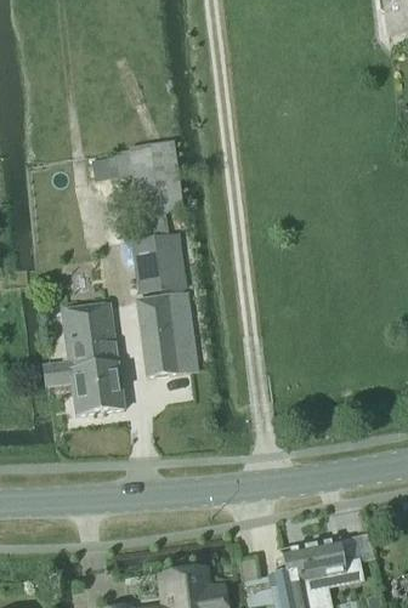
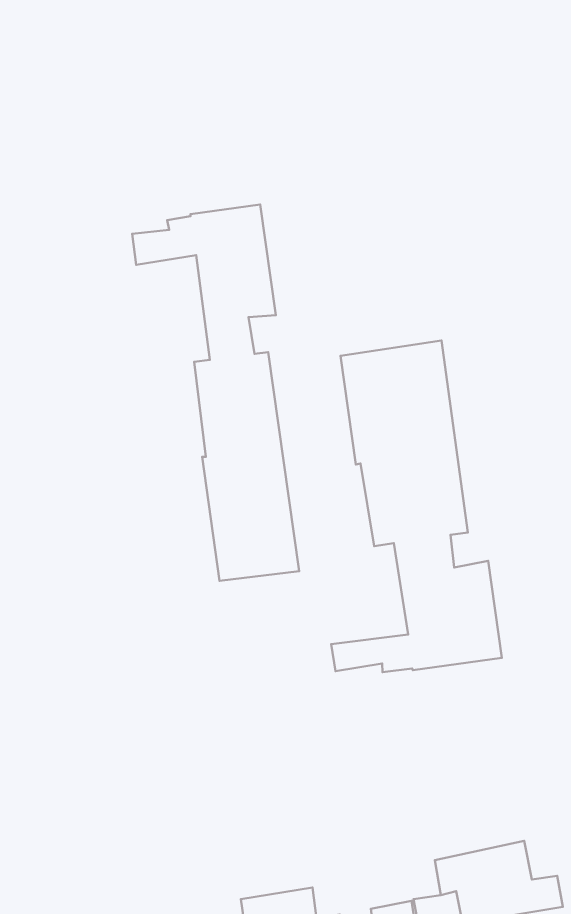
building: none -> [331,341,502,672]
building: [44,302,125,413] -> none

